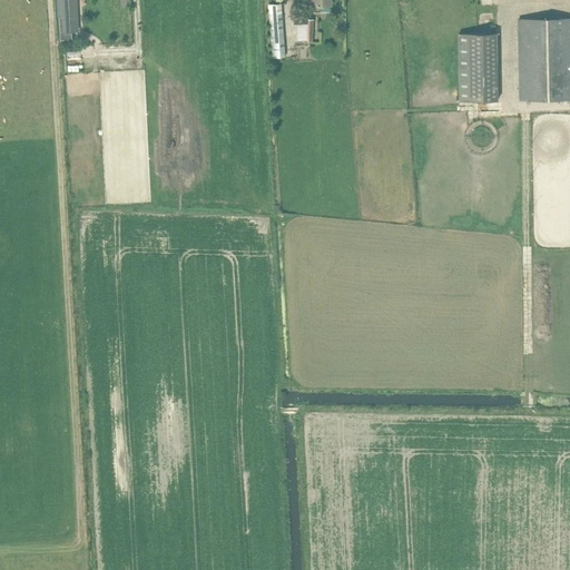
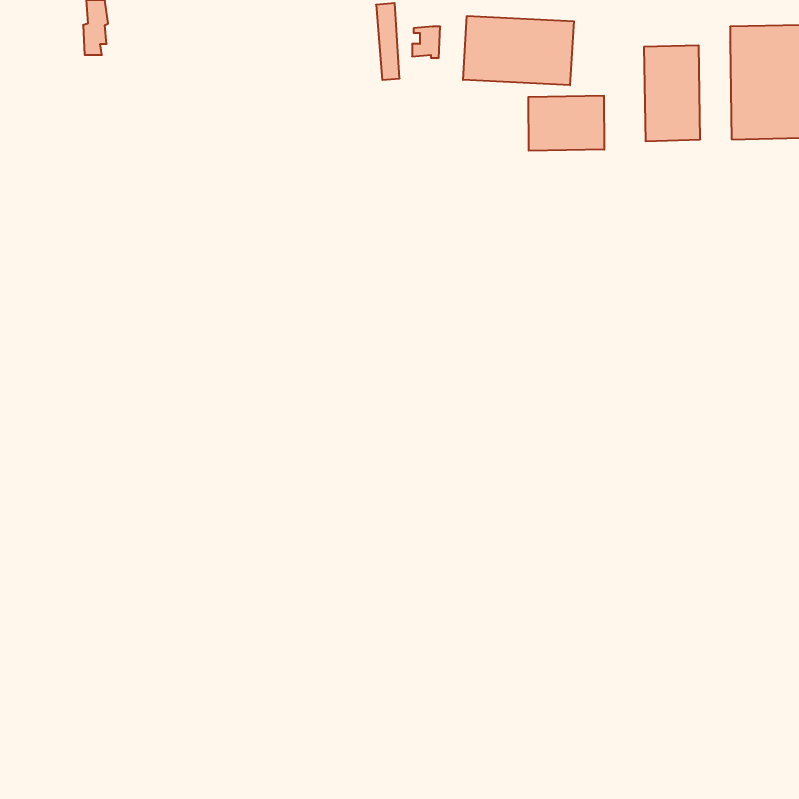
building: none -> [463,16,574,85]
building: none -> [528,96,604,151]

